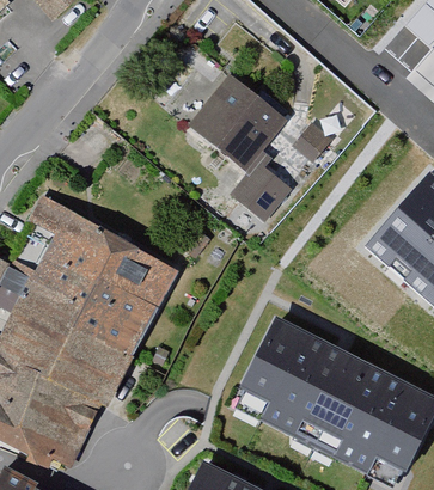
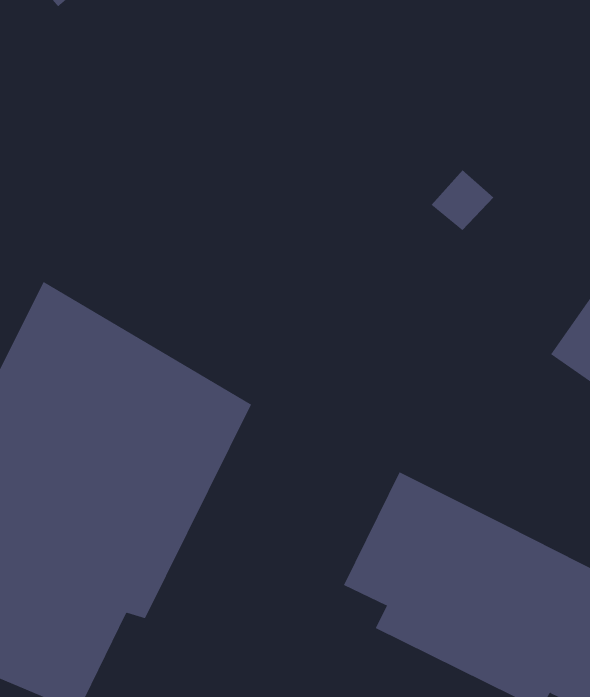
building: [188,81,294,231] -> none

